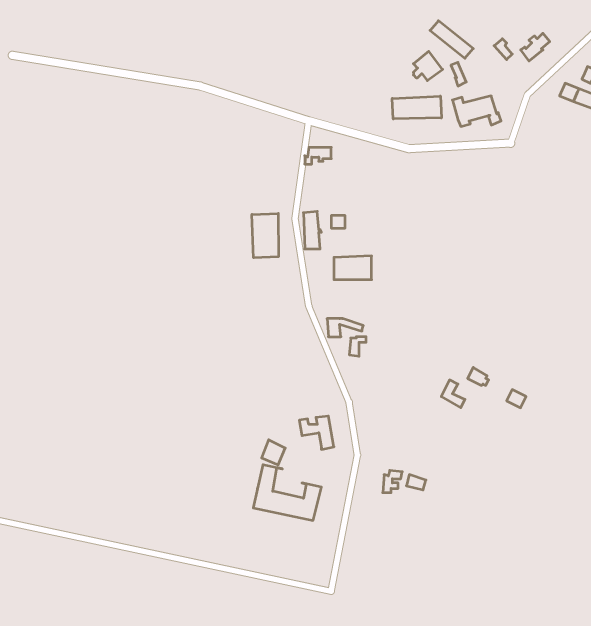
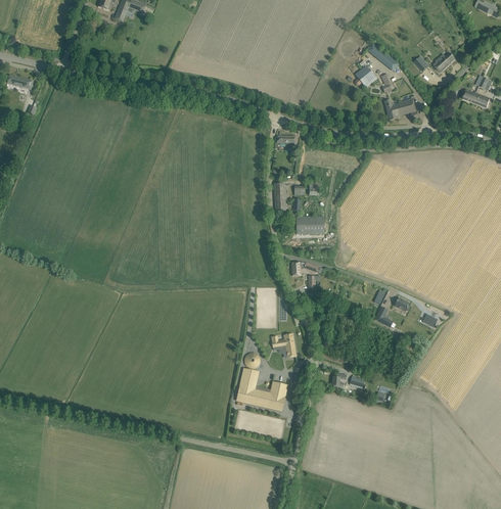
building: [392,96,441,119] -> none
building: [252,213,278,258] -> none

